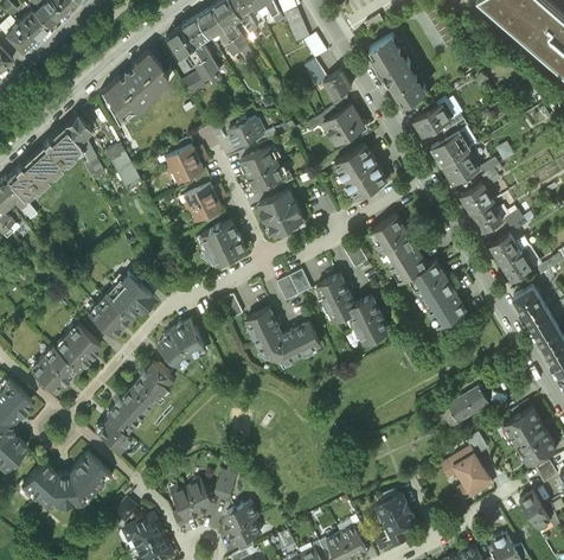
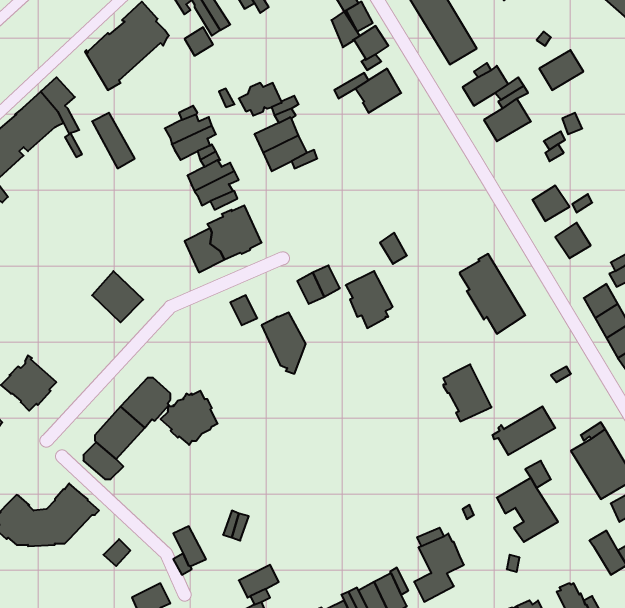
building: [334,146,386,201] -> none
building: [442,152,479,185] -> [539,50,583,90]
building: [463,184,493,216] -> none
building: [258,191,303,236] -> none
building: [372,216,428,282] -> none
building: [502,253,533,284] -> none
building: [86,295,129,337] -> none
building: [350,297,390,344] -> [443,364,492,421]
building: [158,322,205,367] -> [161,391,218,445]
building: [274,323,321,363] -> none
building: [55,324,100,370] -> none
building: [186,477,212,515] -> none
building: [224,502,258,533] -> none
building: [126,520,162,547] -> none

